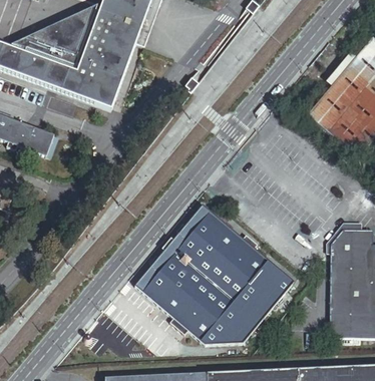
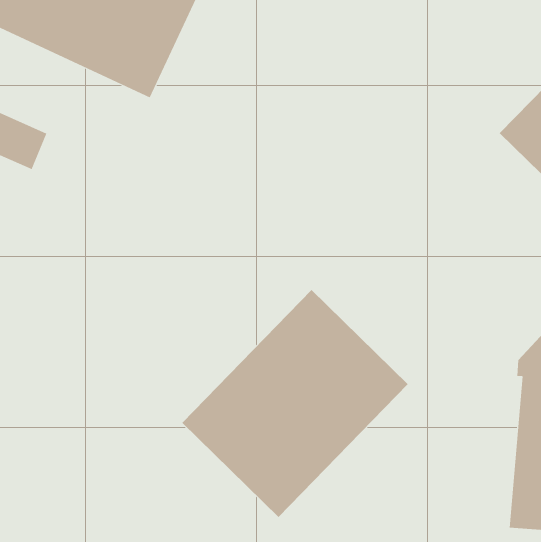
building: [200,259,292,342] -> none

